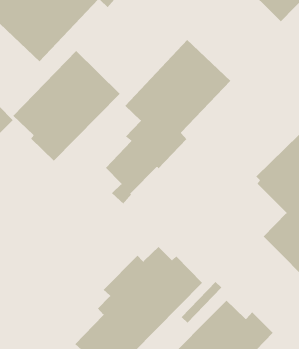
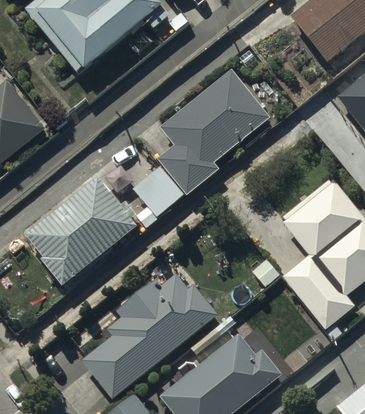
building: [12,50,120,162] -> [25,177,136,286]

